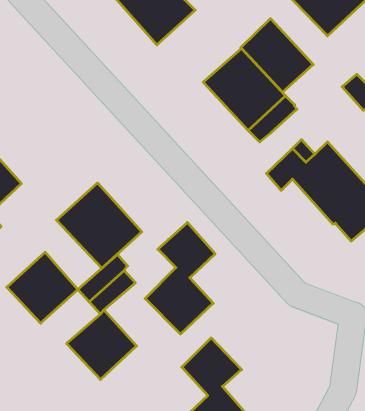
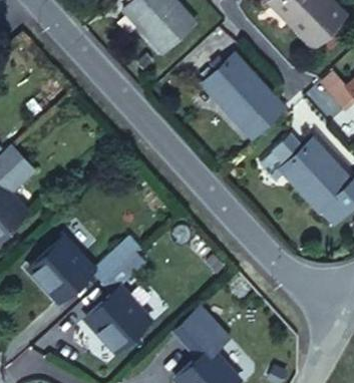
building: [241,19,313,92] -> none
building: [56,183,142,268] -> none
building: [145,222,215,334] -> none

